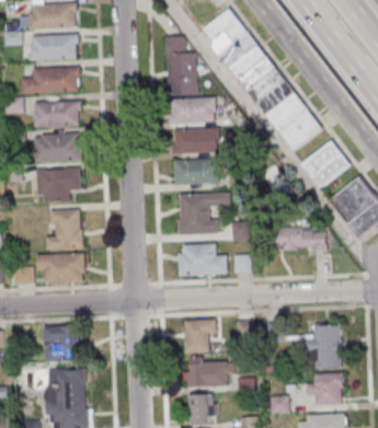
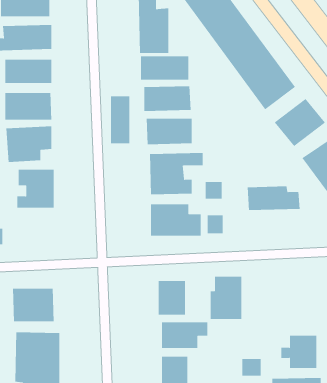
building: none -> [111,95,130,144]
building: [36,253,85,281] -> none
building: [309,323,341,366] -> [210,276,242,320]

